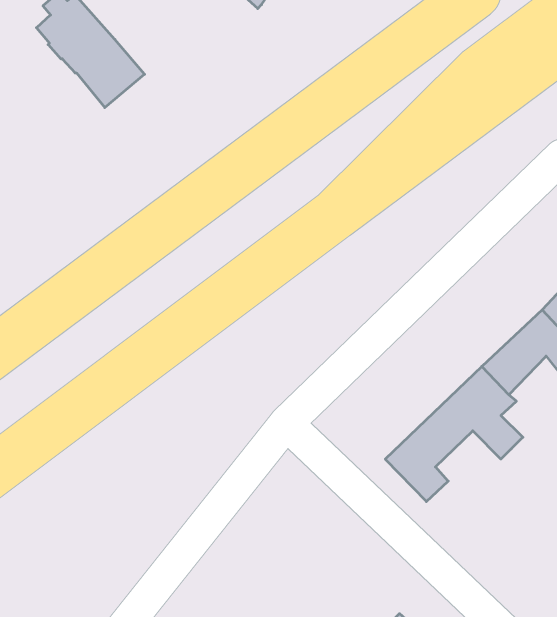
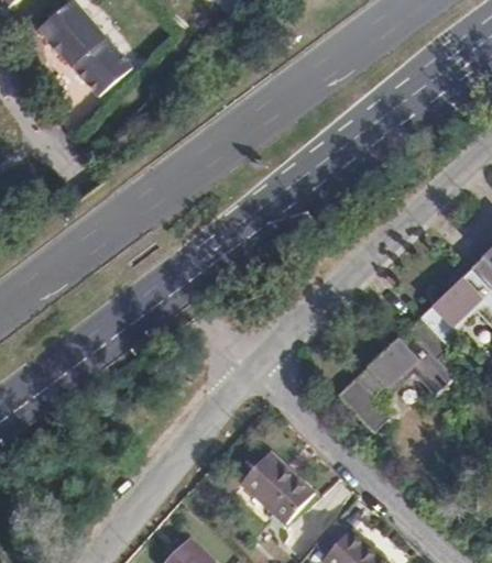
building: none -> [239,451,311,523]

